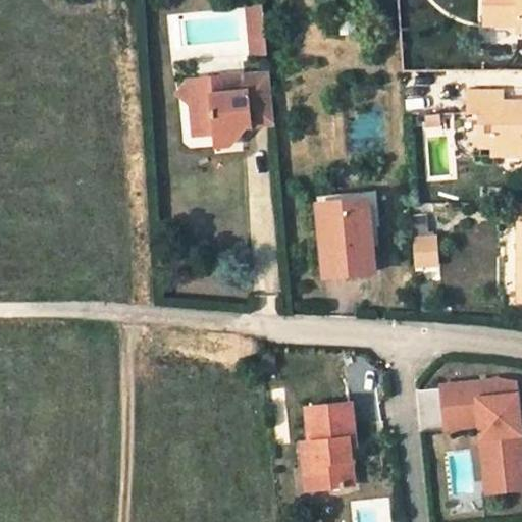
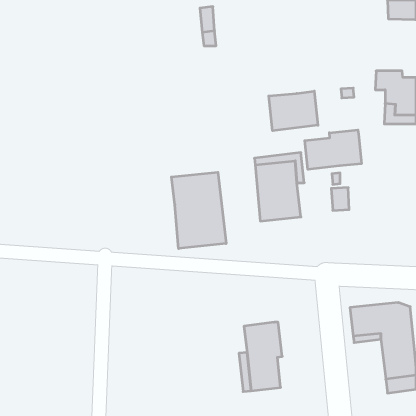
building: [178,77,276,144] -> none
building: none -> [269,91,318,131]
building: none -> [305,130,361,169]
building: none -> [171,172,226,249]

